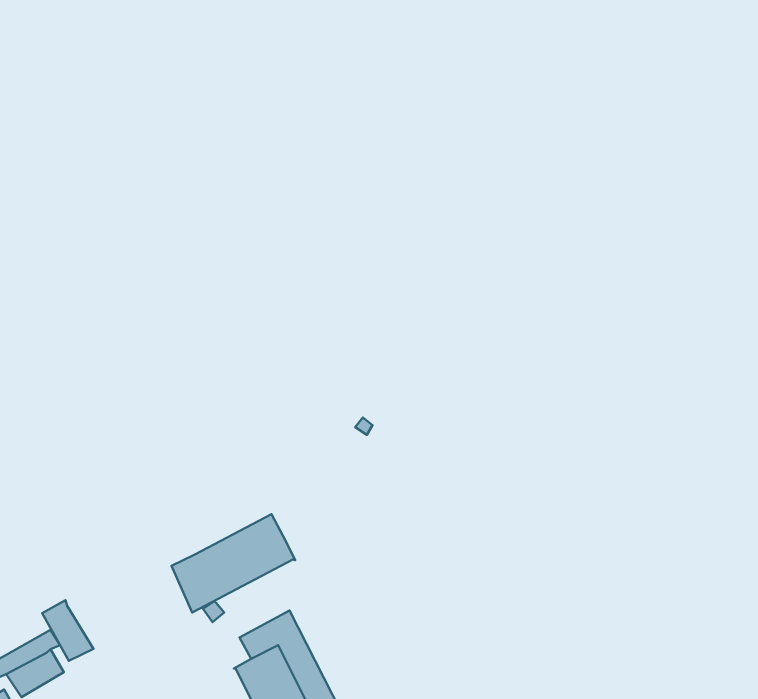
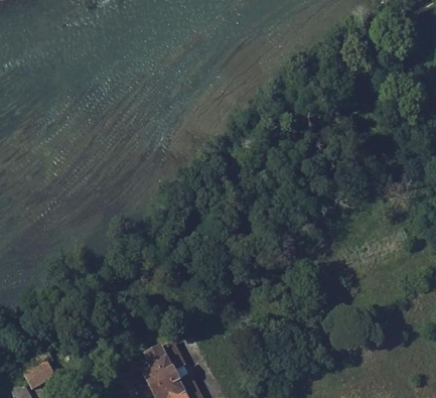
building: [172,514,295,613] -> none
building: [42,600,94,661] -> none

